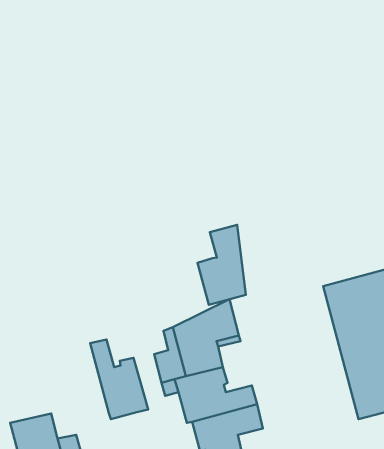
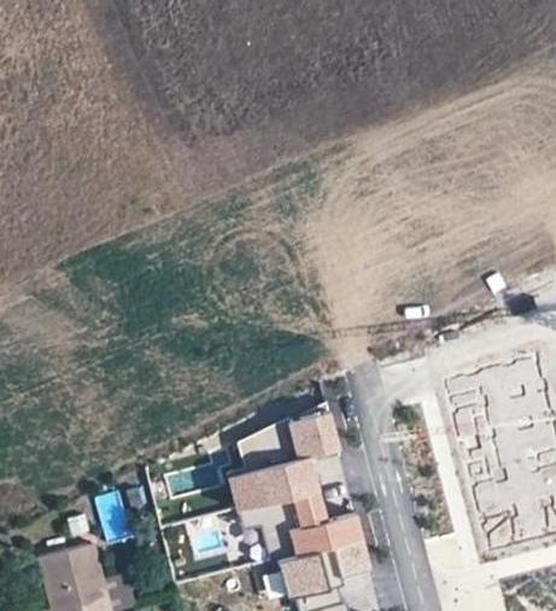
building: [197,225,246,305] -> none
building: [90,339,148,419] -> none

